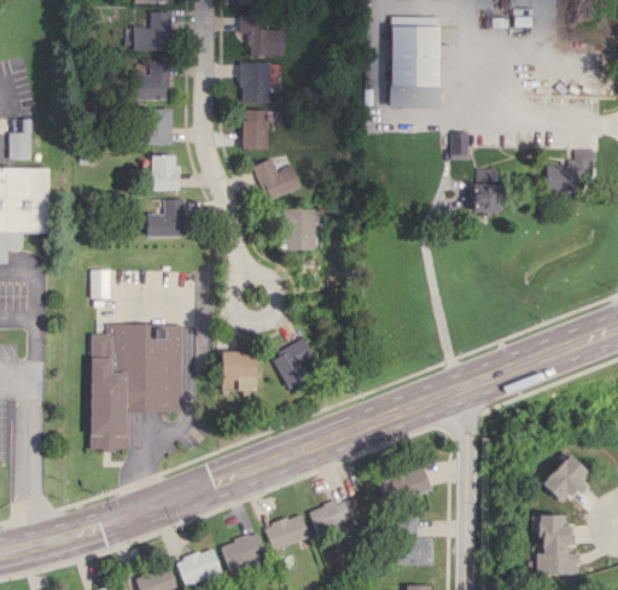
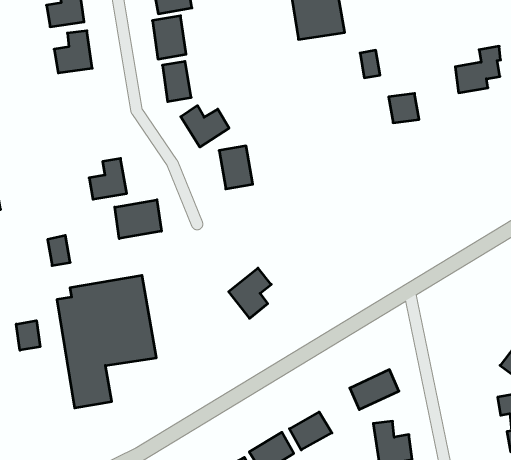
building: [144,109,171,145] -> none
building: [150,156,177,191] -> none
building: none -> [115,200,161,239]
building: [221,352,255,391] -> none
building: none -> [16,321,40,350]

